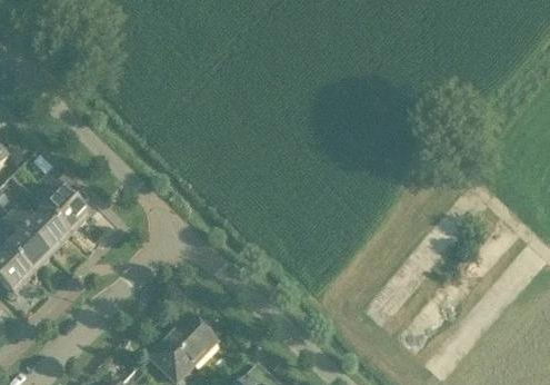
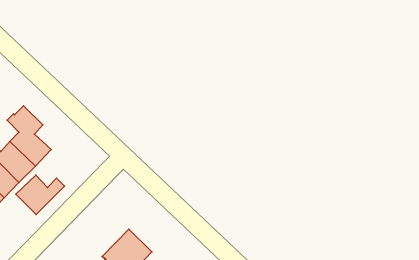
building: none -> [16,175,65,214]

